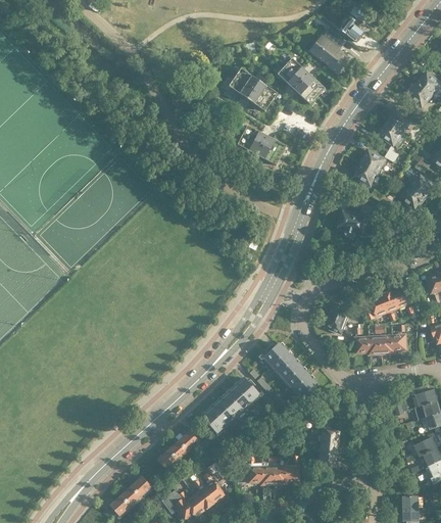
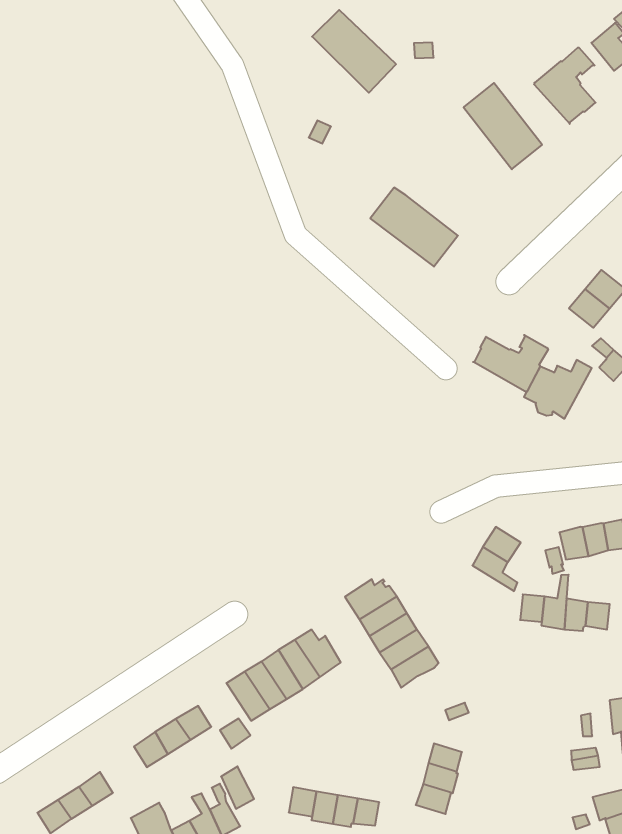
building: [229,68,278,111] -> [312,10,396,93]
building: none -> [473,335,548,392]

